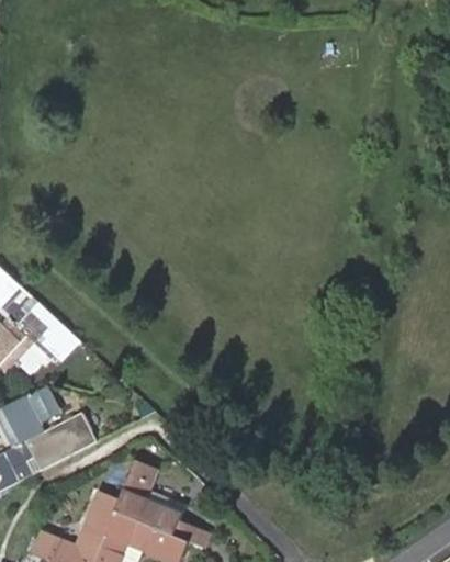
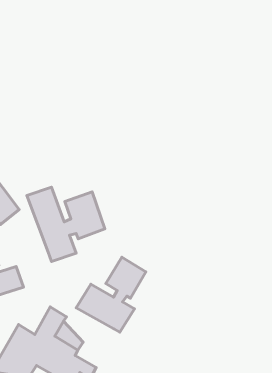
building: none -> [27,187,105,261]
building: none -> [76,257,146,332]

